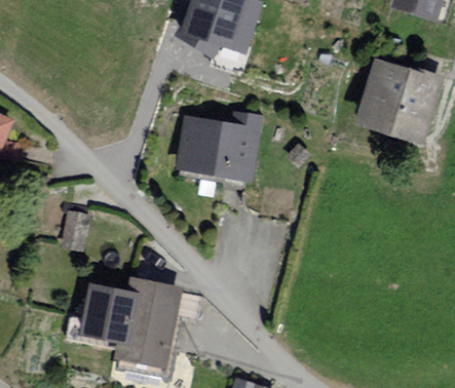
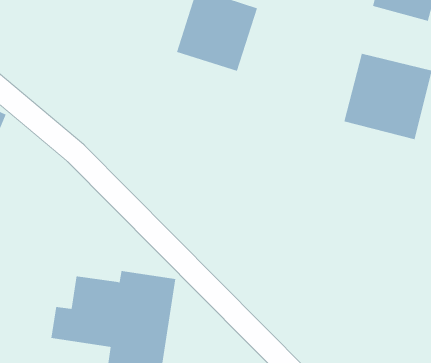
building: [172,108,258,185] -> none
building: [61,210,89,250] -> none

